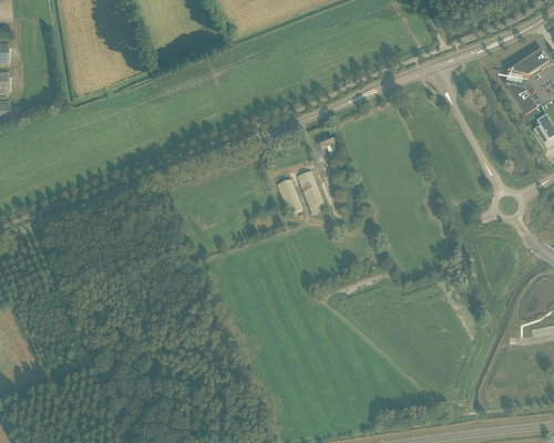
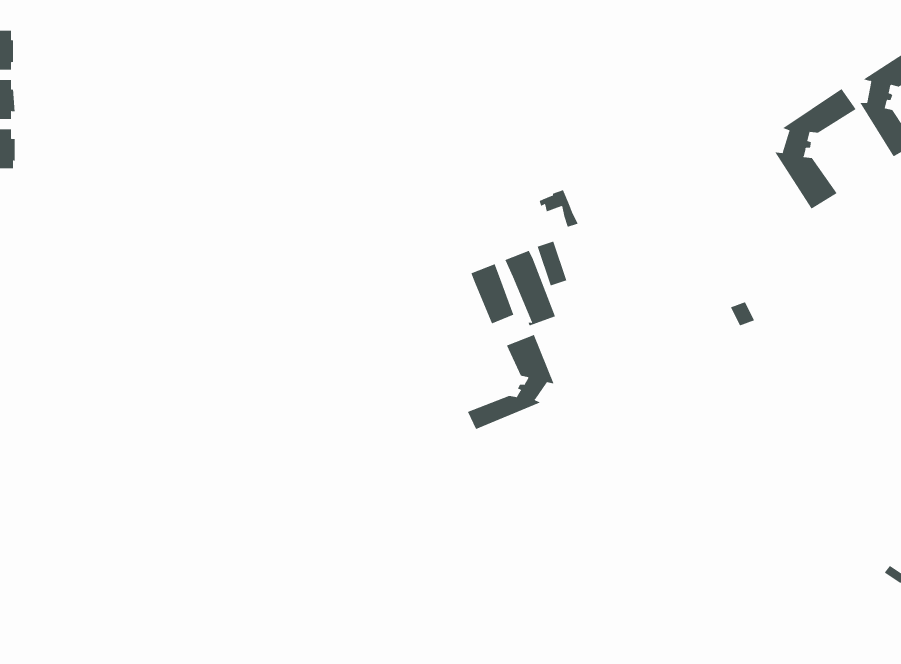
building: none -> [774,88,857,210]
building: none -> [467,334,554,430]

